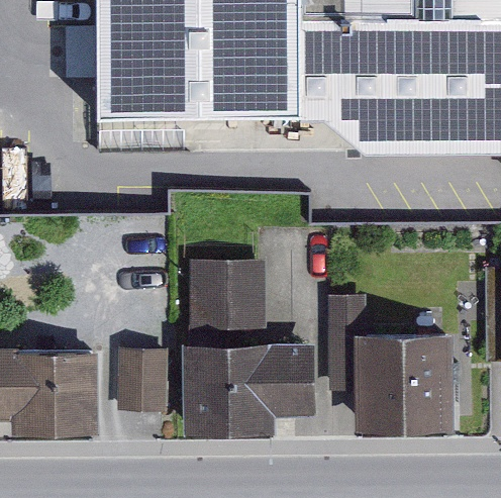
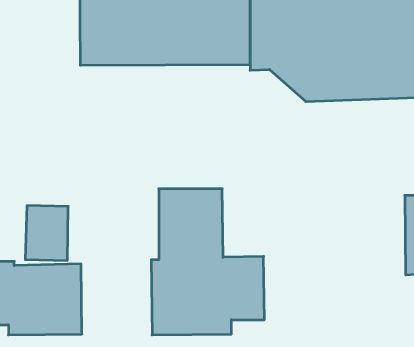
building: [329,297,455,431] -> none
building: [116,348,168,414] -> [25,206,68,260]

